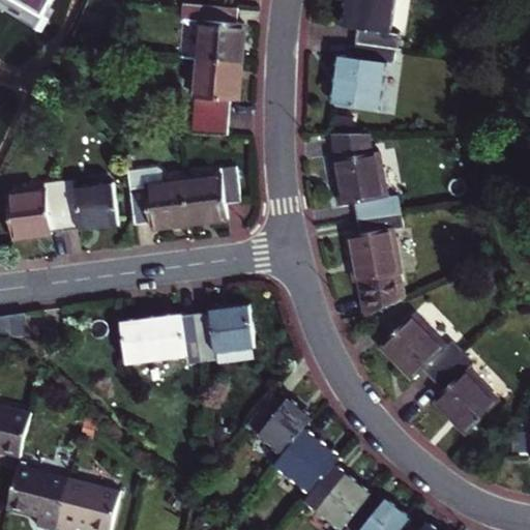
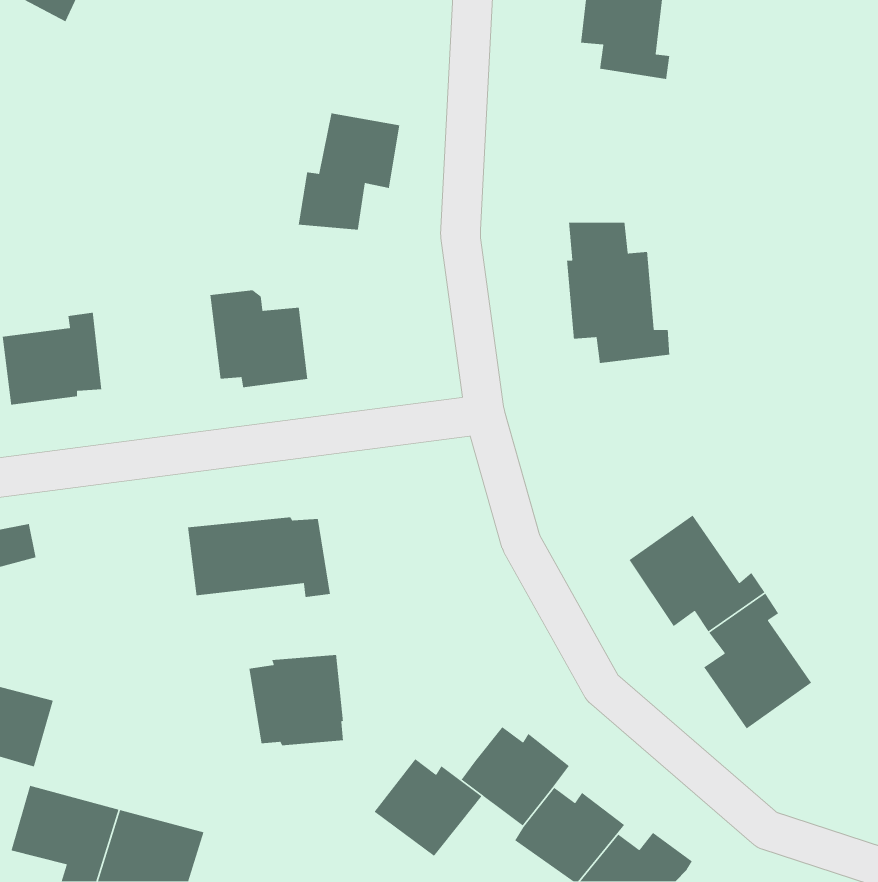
building: [185,11,246,75] -> none
building: [337,41,399,108] -> none
building: [179,167,235,227] -> none
building: [56,185,114,234] -> none
building: [347,212,402,316] -> none
building: [190,301,247,356] -> [249,654,344,746]
building: [247,395,313,454] -> [374,758,483,857]

